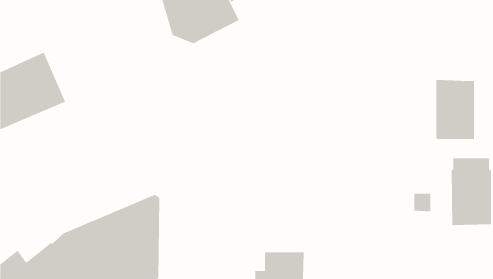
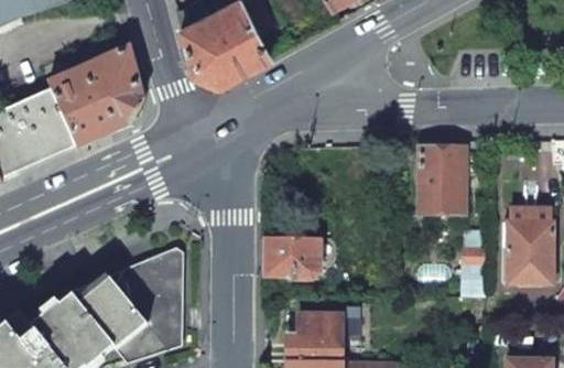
building: none -> [47,46,143,149]
building: [435,80,475,139] -> [420,147,464,214]
building: none -> [265,237,318,279]

